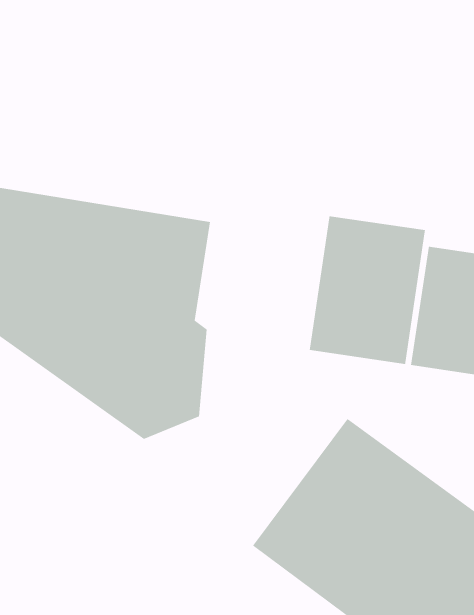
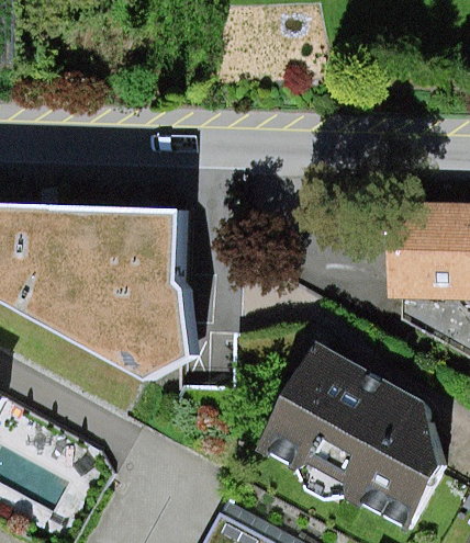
building: [309,216,426,365] -> none

